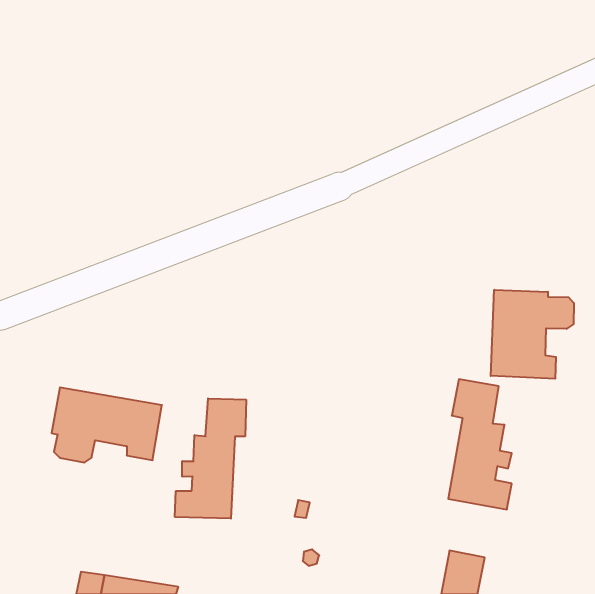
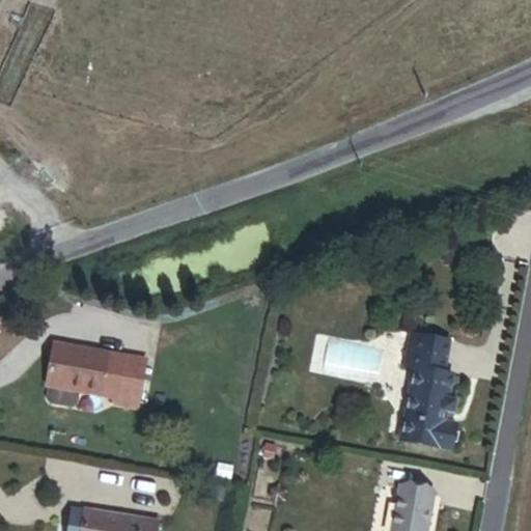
building: [491,290,574,379] -> none
building: [175,398,246,519] -> none

